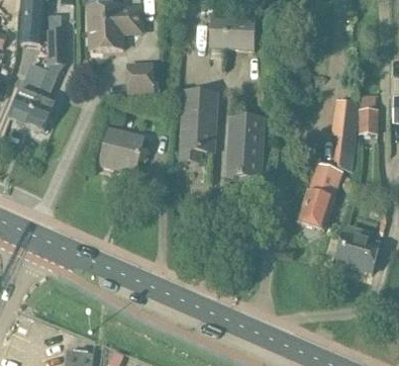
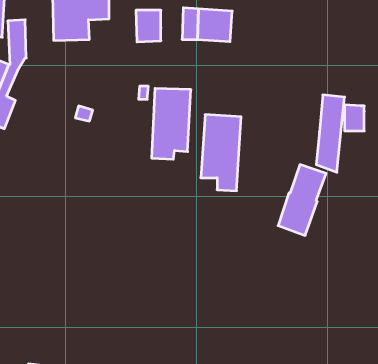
building: [127,63,151,92] -> [136,10,161,42]
building: [98,126,142,169] -> none
building: [332,231,378,271] -> none

